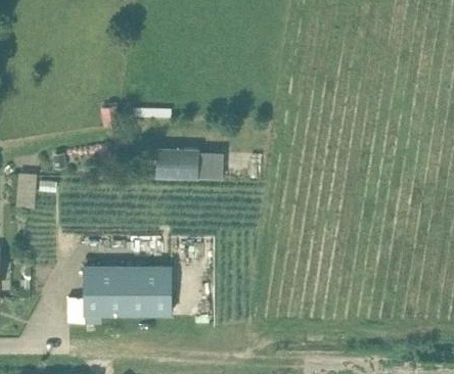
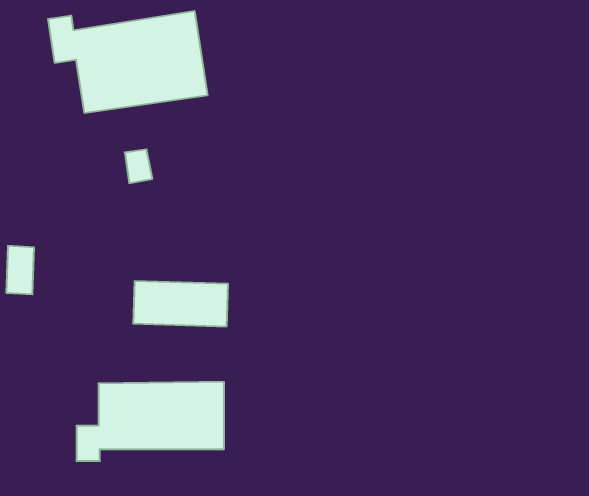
building: none -> [48,11,207,113]
building: [158,148,225,180] -> [133,281,228,326]

